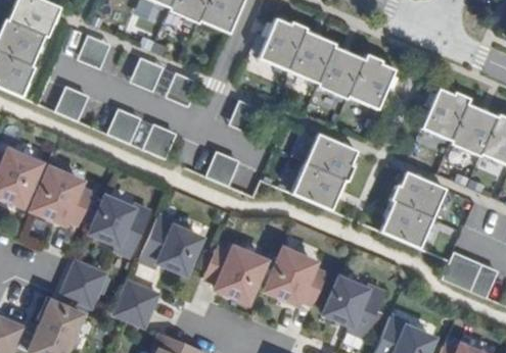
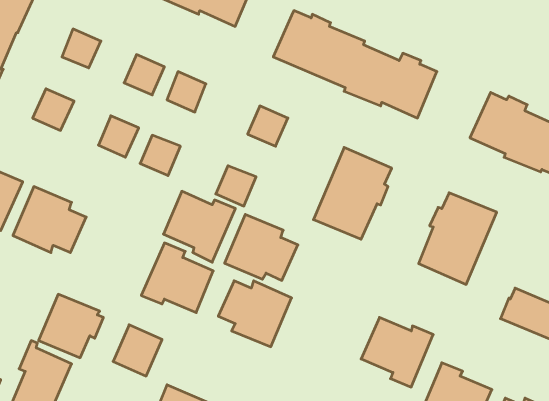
building: [93,196,153,255] -> [163,191,235,262]
building: [268,248,329,303] -> [225,214,298,280]

